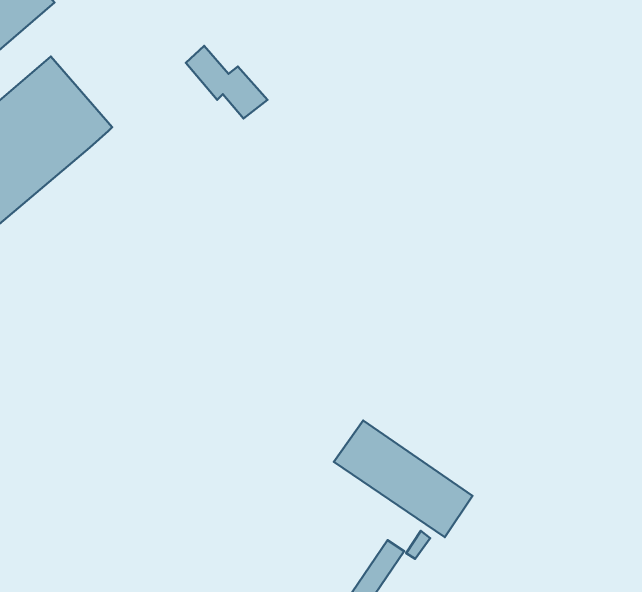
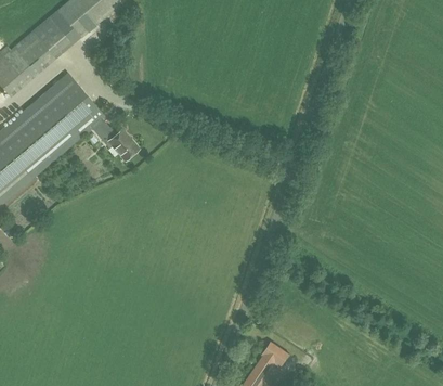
building: [186,46,268,119] -> [89,116,136,158]
building: [334,420,472,537] -> none

